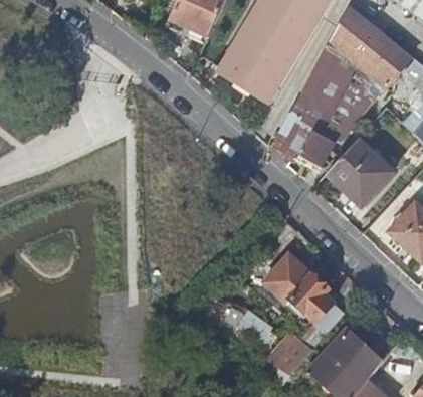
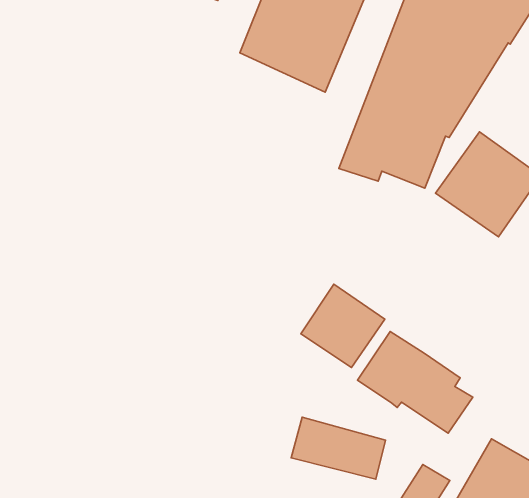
building: none -> [301,284,385,367]

